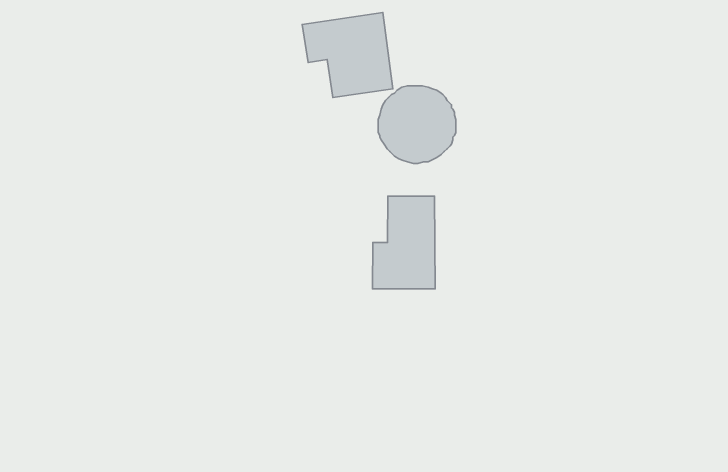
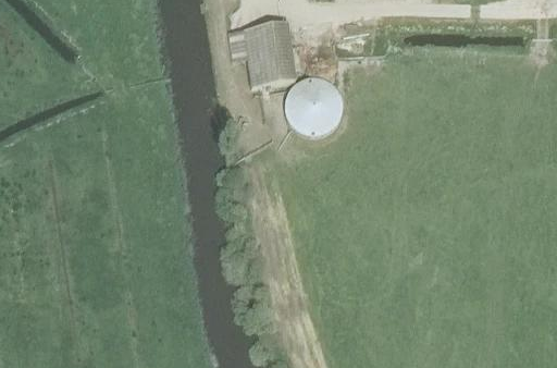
building: [373,196,435,289] -> none

